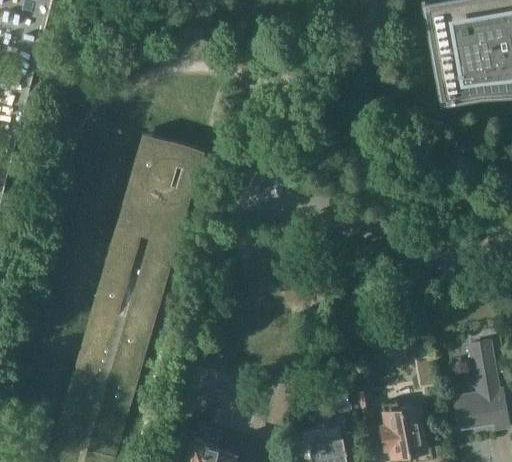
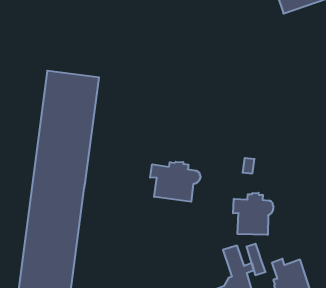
building: none -> [150,162,201,202]
building: none -> [233,193,273,235]

